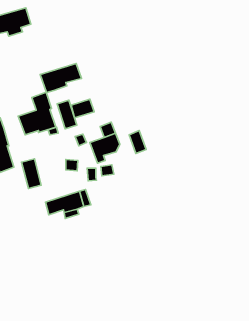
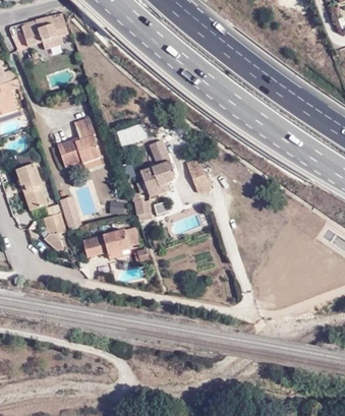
building: [40,64,82,92] -> none
building: [57,100,77,129] -> none
building: none -> [41,206,63,242]

